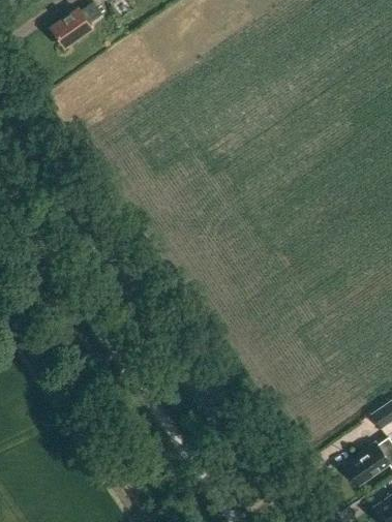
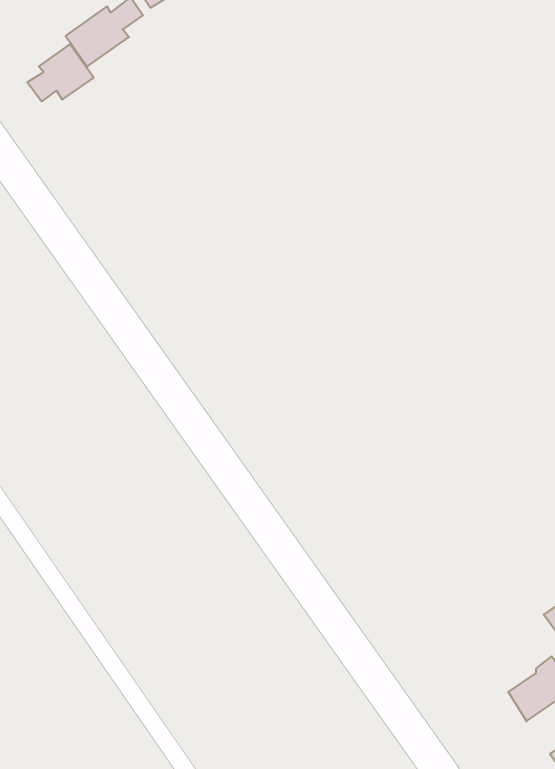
building: none -> [27,44,94,101]

